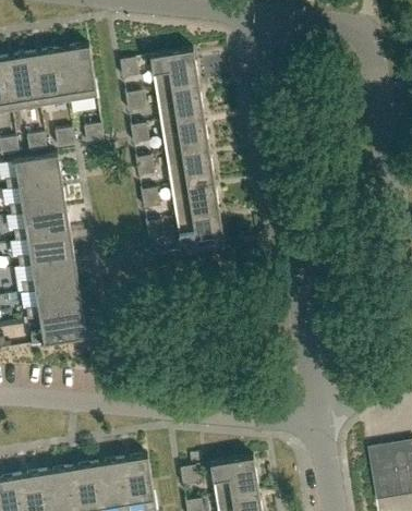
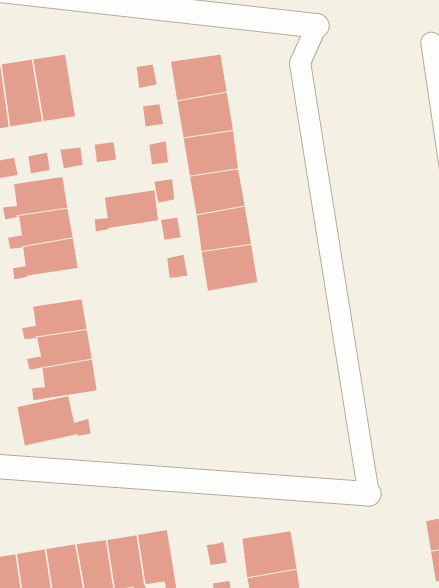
building: [60,45,97,102] -> none
building: [19,232,74,268] -> [94,190,159,232]
building: none -> [17,395,91,446]

